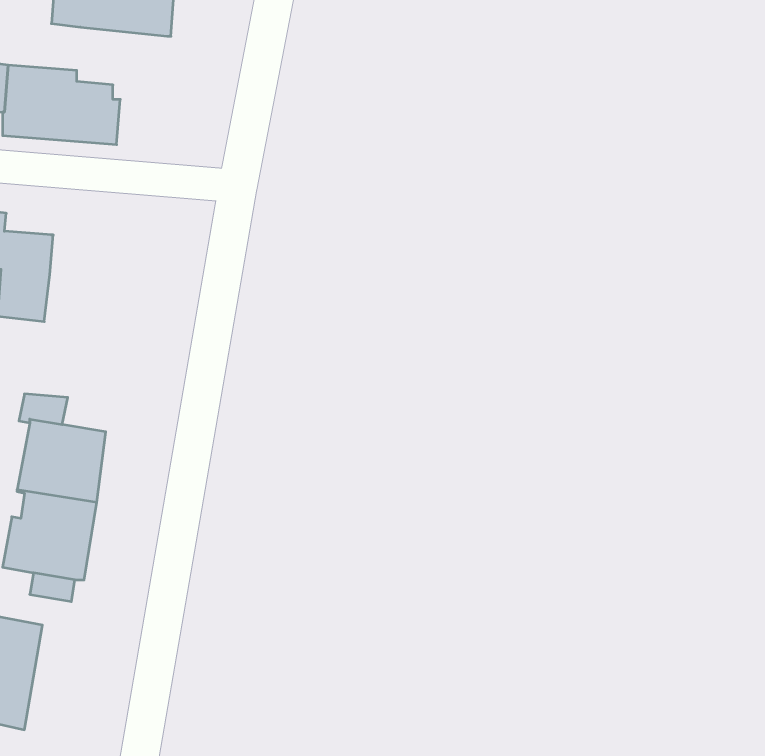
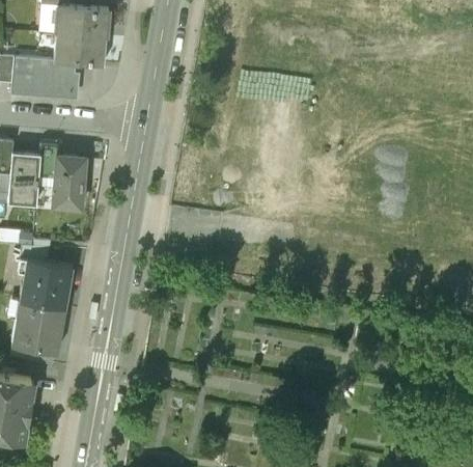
building: none -> [55,33,107,68]
building: none -> [39,142,86,205]

